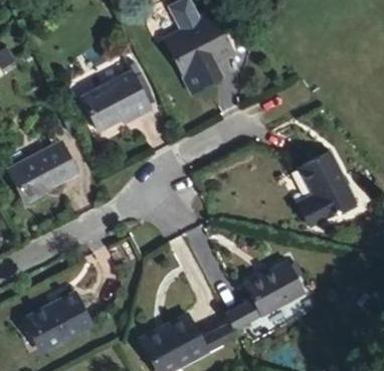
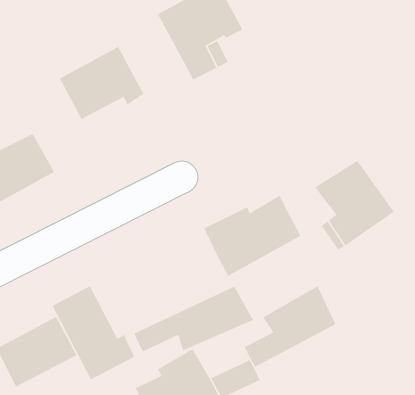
building: none -> [203,195,302,277]
building: none -> [52,285,135,381]
building: none -> [133,285,254,353]

